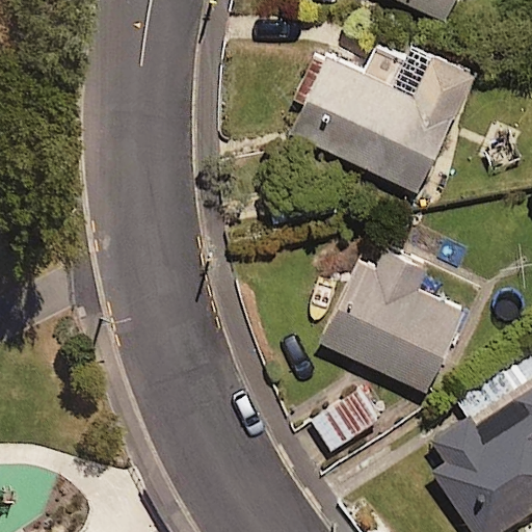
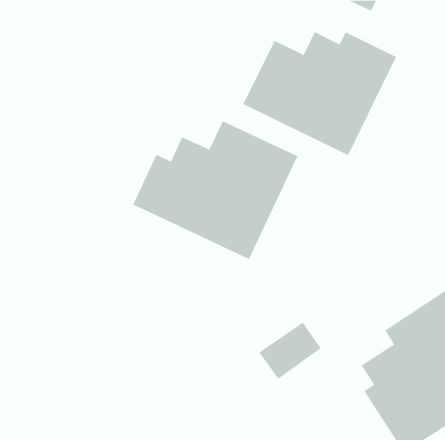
building: none -> [132,121,298,260]
building: [322,249,464,393] -> none

